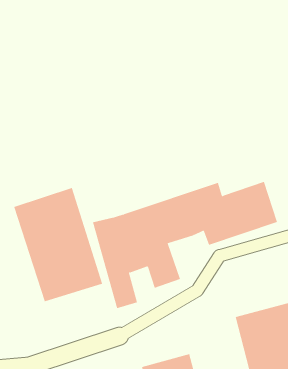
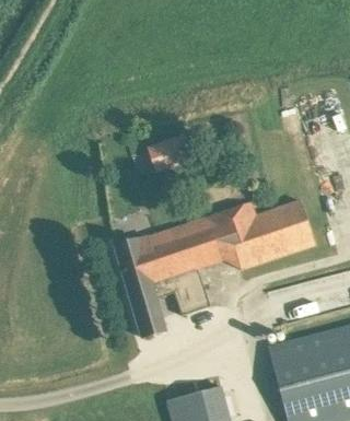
building: none -> [143,132,186,169]
building: [13,187,103,302] -> none

